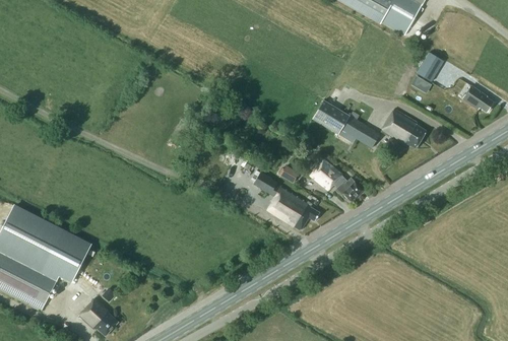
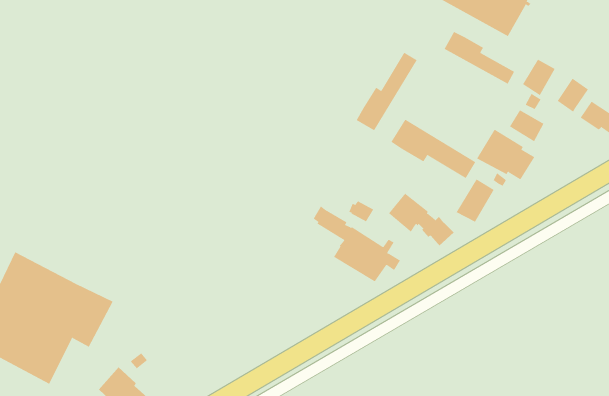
building: none -> [444,31,515,85]
building: none -> [356,52,417,131]
building: none -> [509,109,544,142]
building: none -> [456,179,494,222]

